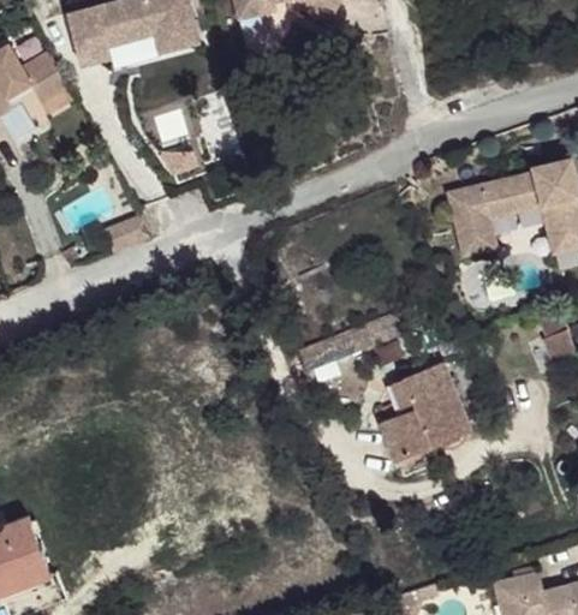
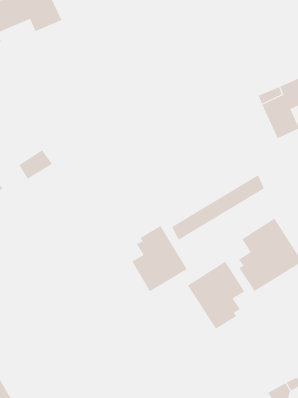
building: none -> [132,225,187,292]
building: none -> [187,261,245,330]

